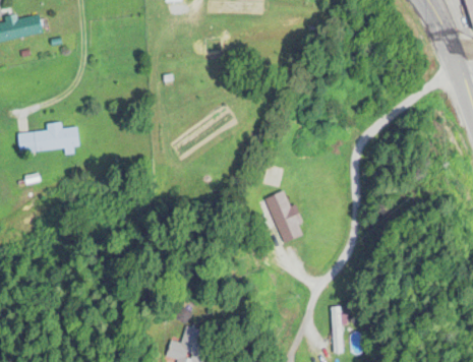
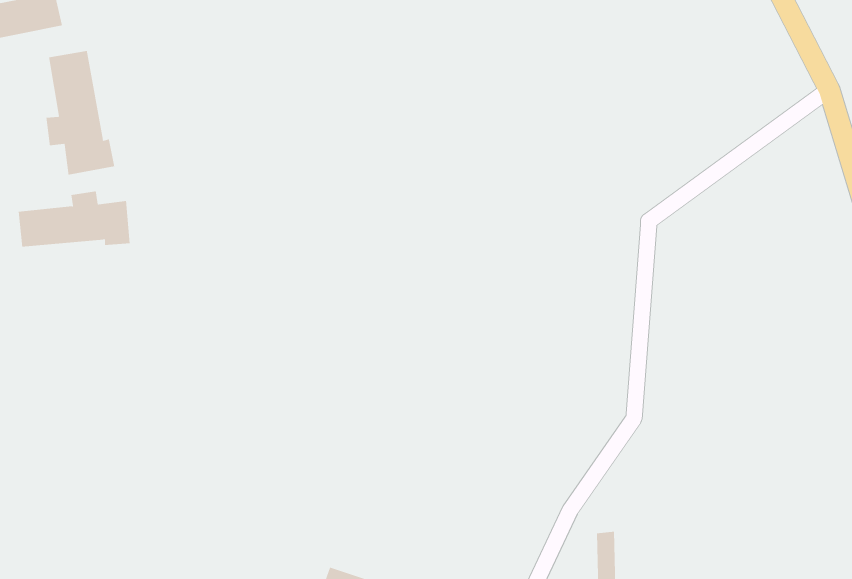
building: none -> [46,50,115,175]
building: [265,190,305,243] -> none

